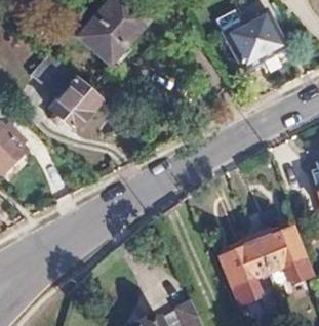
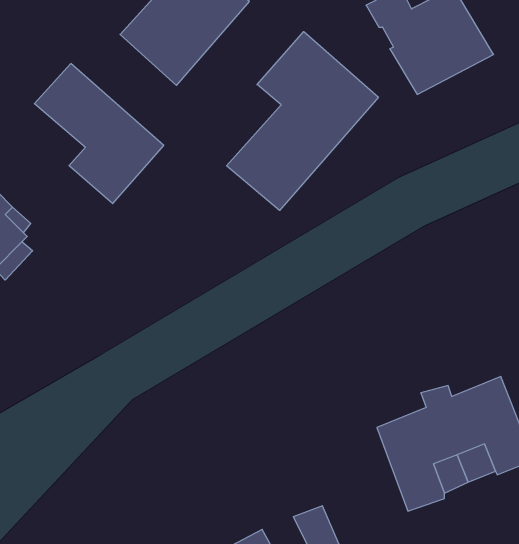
building: none -> [227,32,378,210]

